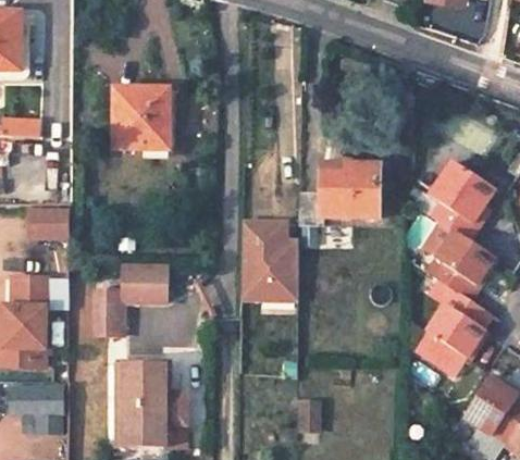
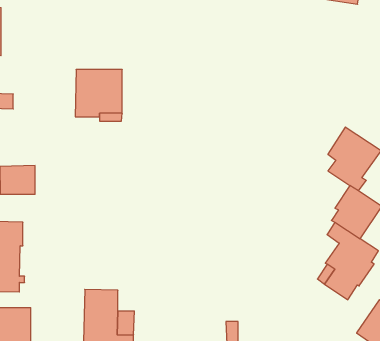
building: [299,167,380,225] -> none
building: [242,222,299,301] -> none
building: [122,264,166,298] -> none
building: [95,288,117,332] -> none

